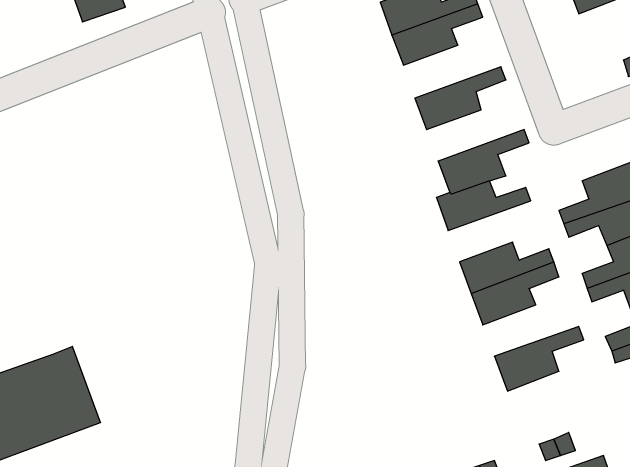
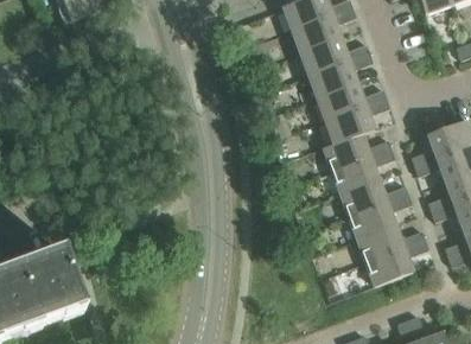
building: none -> [299,37,369,75]
building: none -> [316,83,386,120]
building: none -> [331,148,394,192]
building: none -> [356,223,425,260]

